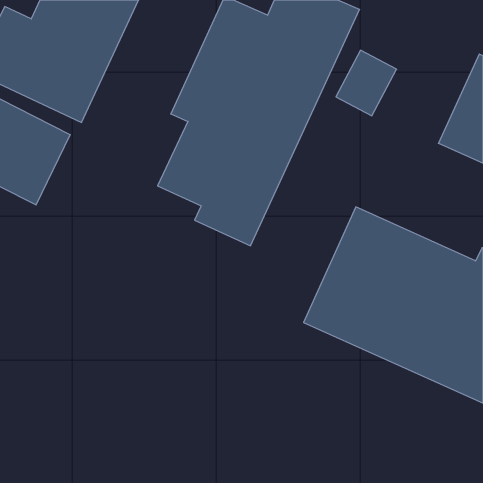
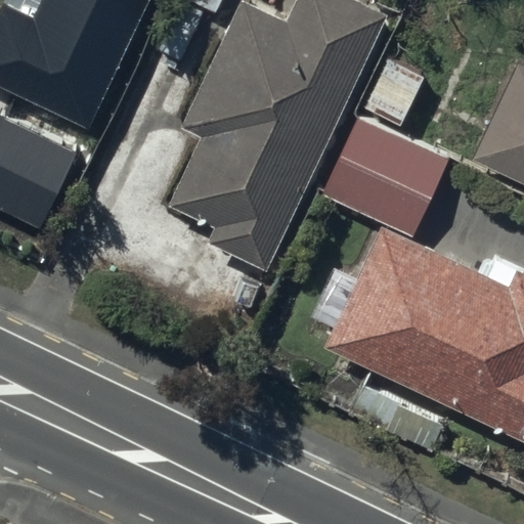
building: none -> [324,119,448,233]

